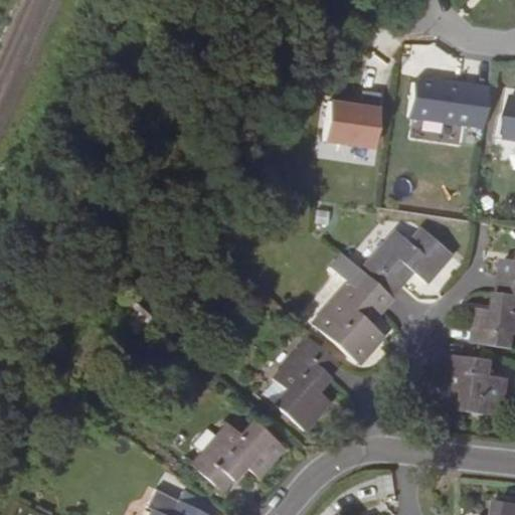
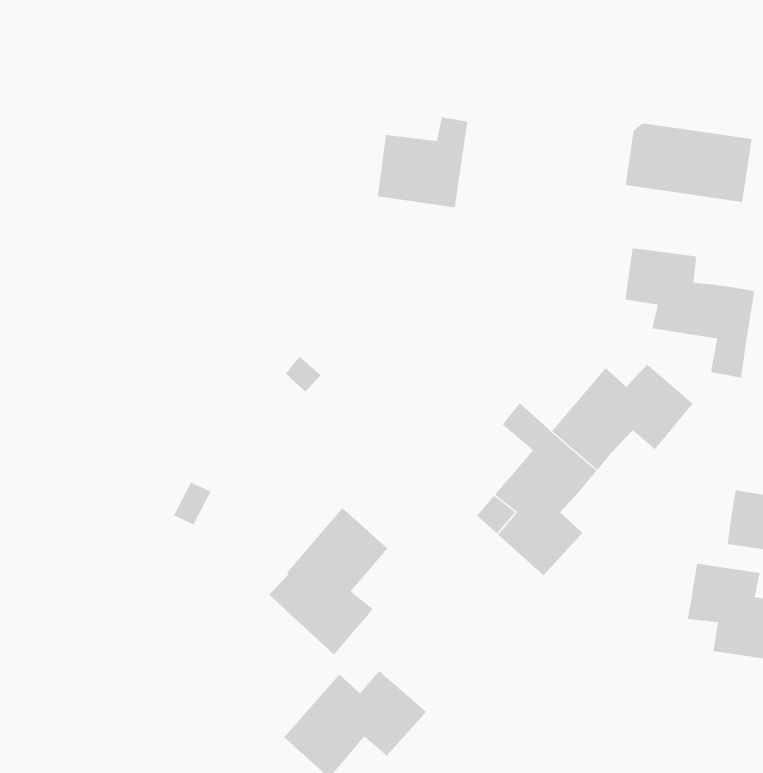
building: [324,91,381,148] -> [377,117,468,208]
building: none -> [625,248,755,378]
building: [264,338,339,432] -> [269,507,388,655]

